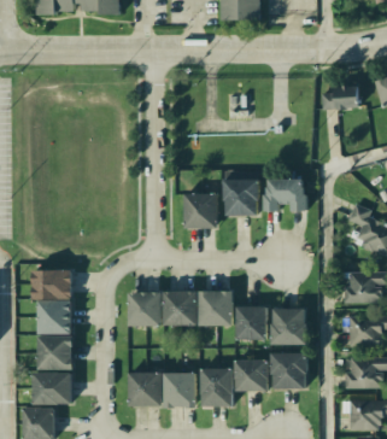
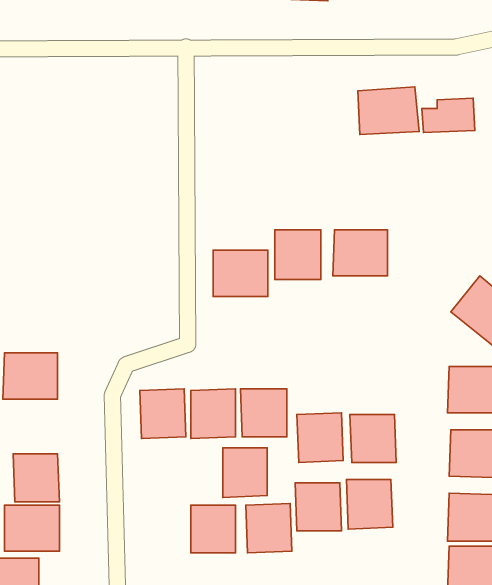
building: none -> [358,87,419,134]
building: [35,299,68,334] -> none
building: [128,370,159,405] -> [223,448,267,497]

